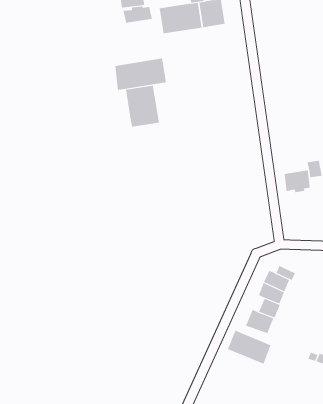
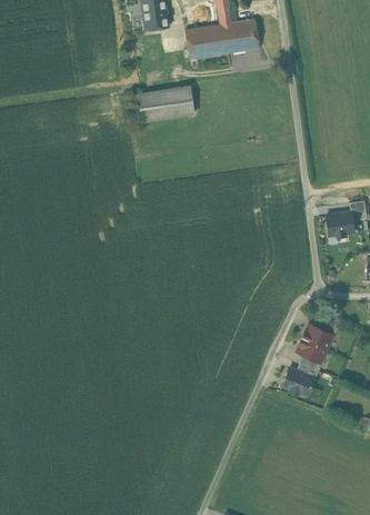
building: [123,5,152,24] -> none
building: [125,85,159,128] -> none
building: [227,330,271,365] -> none

